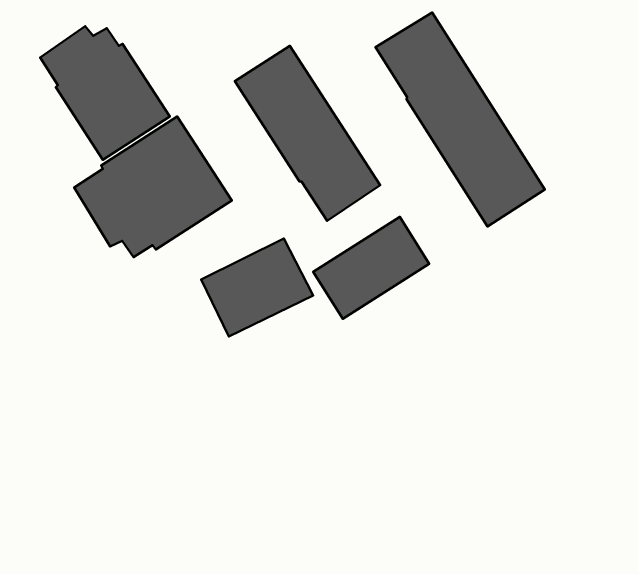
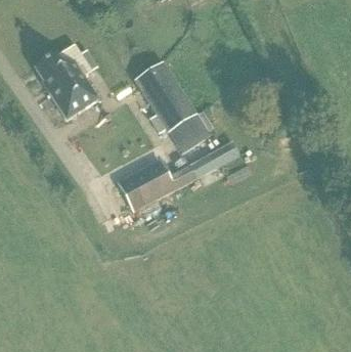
building: [375,12,545,226] -> none
building: [74,116,232,257] -> none

